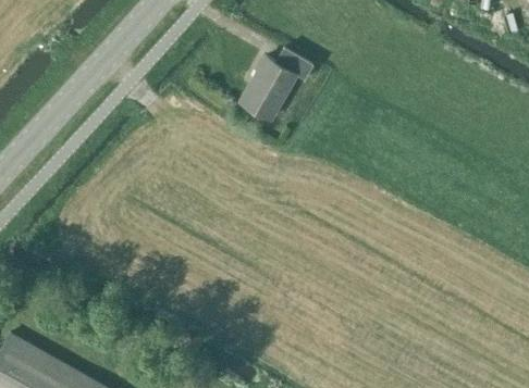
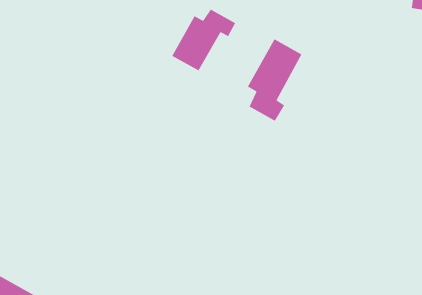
building: none -> [247,38,303,122]

